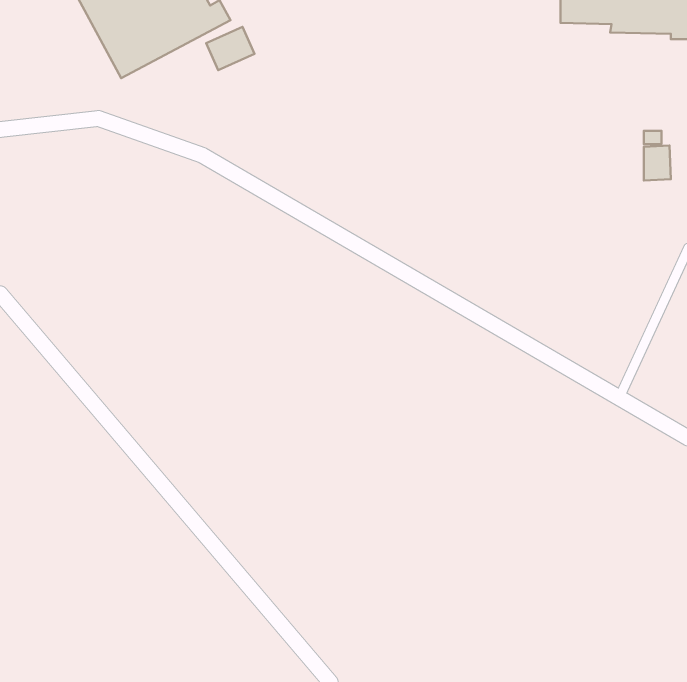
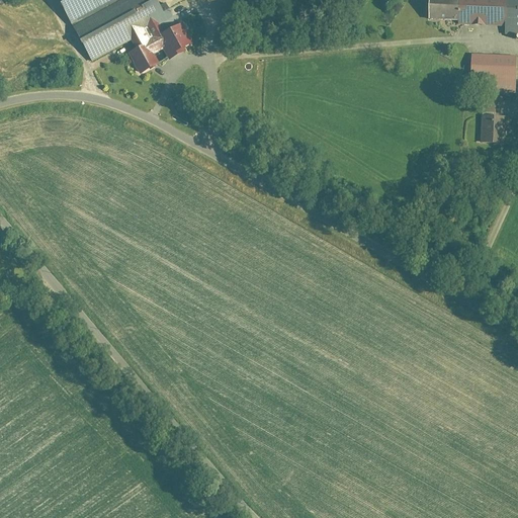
building: none -> [127,30,161,61]
building: none -> [472,57,512,86]

